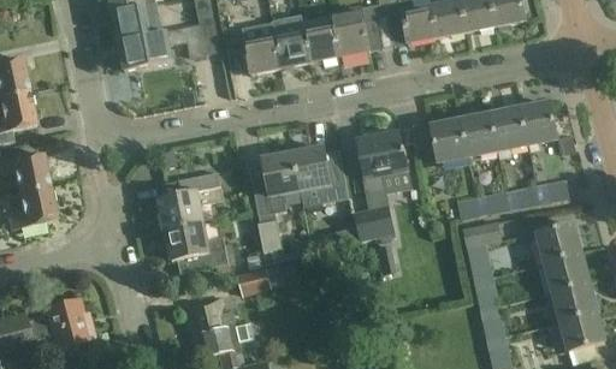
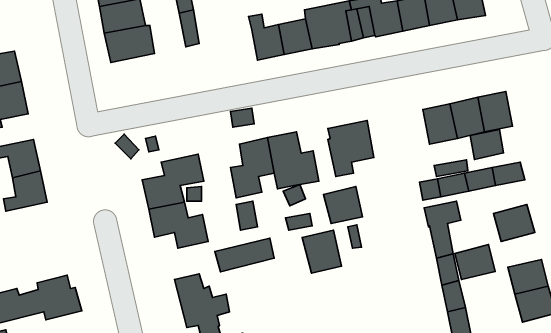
building: [243,31,282,75] -> none
building: [430,121,467,165] -> none
building: none -> [470,130,504,160]
building: none -> [302,230,341,273]
building: [544,254,587,291] -> [455,245,495,279]

